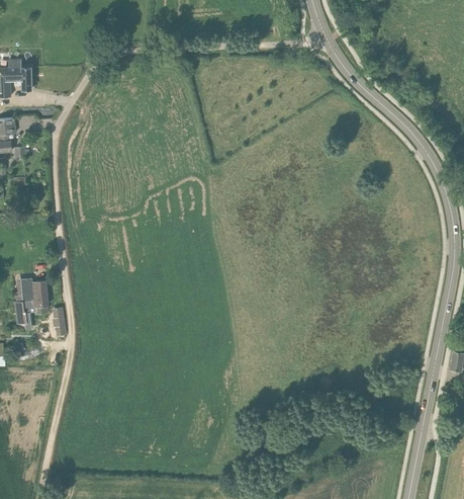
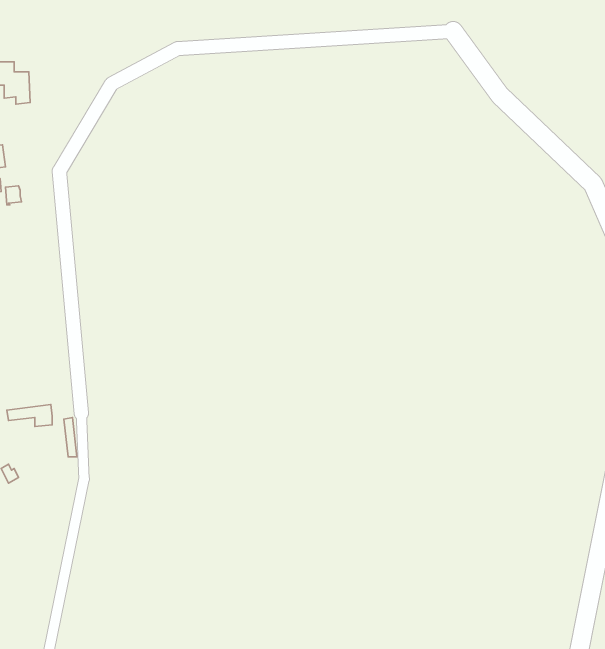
building: [16,279,47,303] -> none

